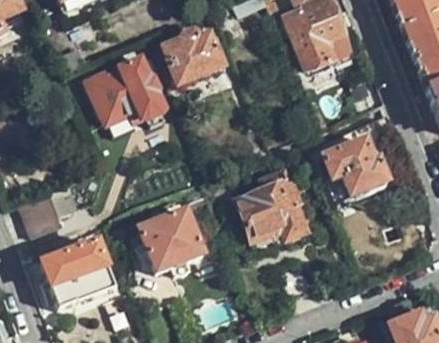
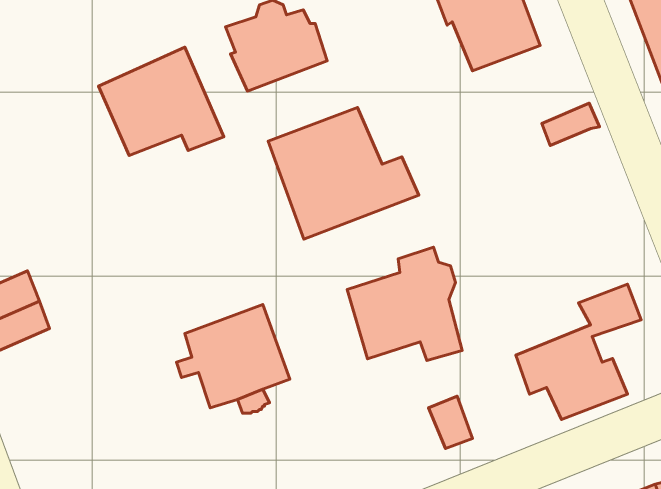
building: none -> [268,107,419,239]
building: [323,113,397,193] -> [516,284,641,420]
building: [41,240,115,308] -> none

